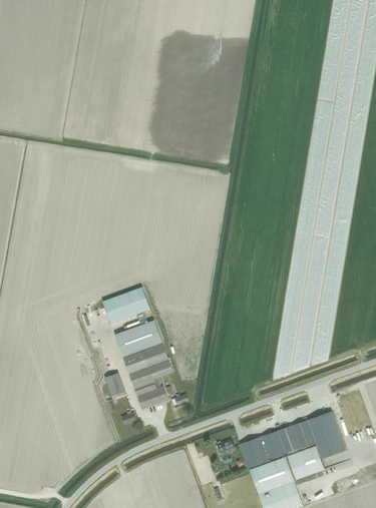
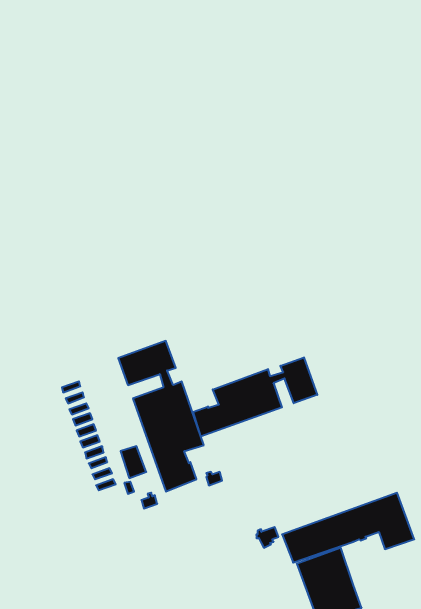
building: none -> [193,357,317,437]
building: [288,445,325,481] -> none

